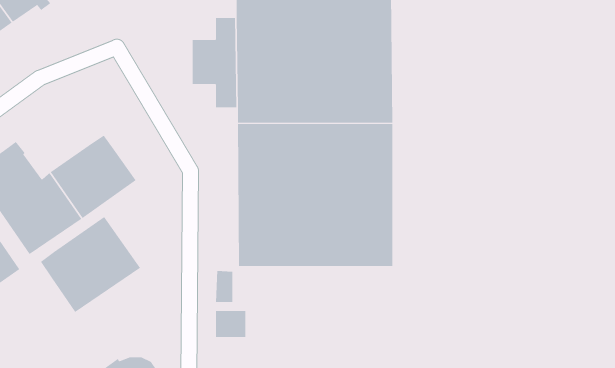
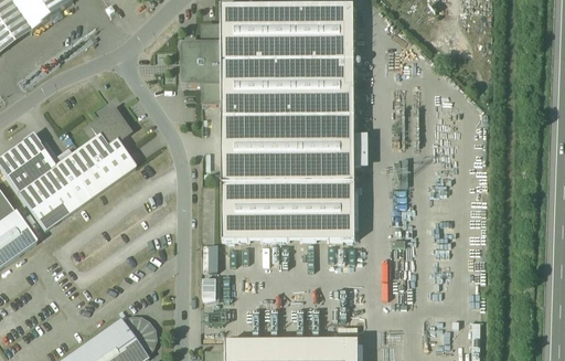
building: none -> [92,108,129,138]
building: [40,216,141,313] -> none

